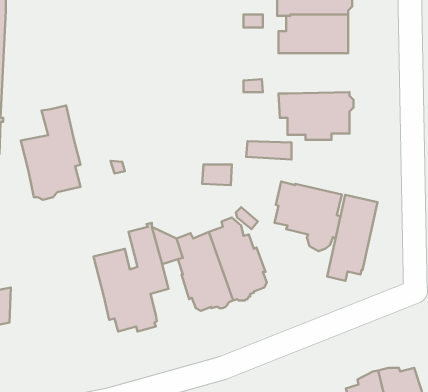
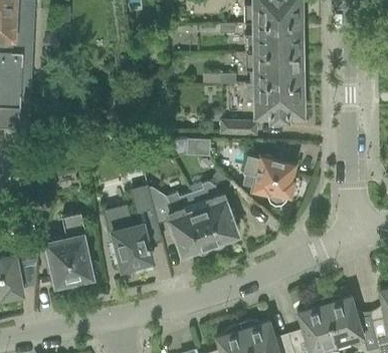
building: none -> [247,54,303,85]
building: [21,105,80,200] -> [46,215,92,288]
building: [327,195,378,281] -> none

